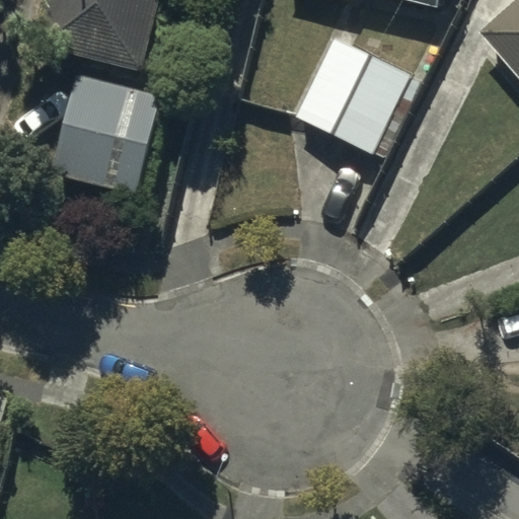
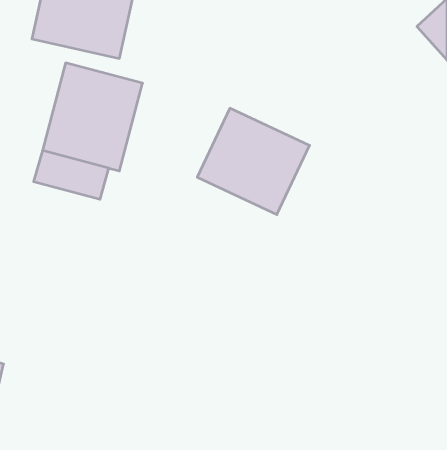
building: [293,35,422,157] -> [197,108,310,215]

